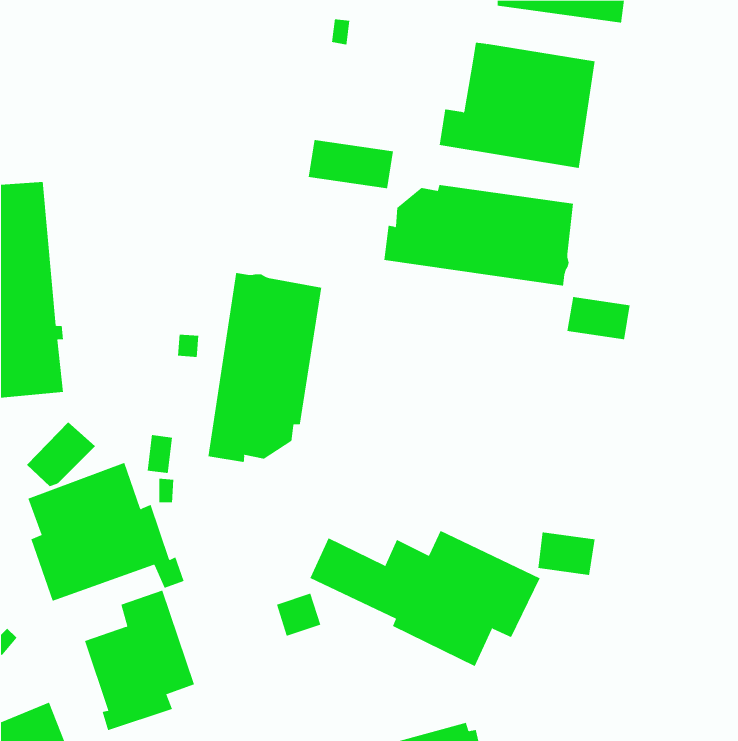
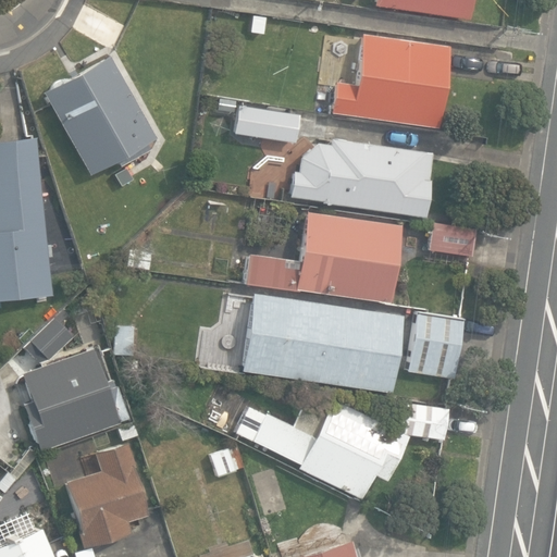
building: none -> [45,55,157,175]
building: [208,272,322,463] -> none
building: none -> [246,210,401,302]
building: none -> [243,293,404,392]
building: none -> [409,312,463,376]

